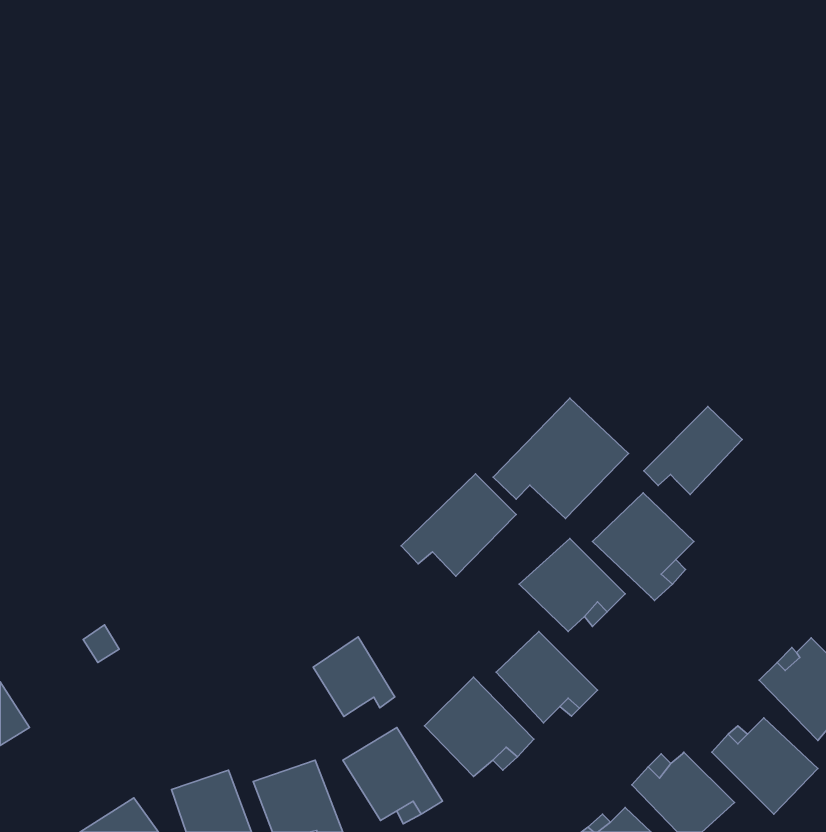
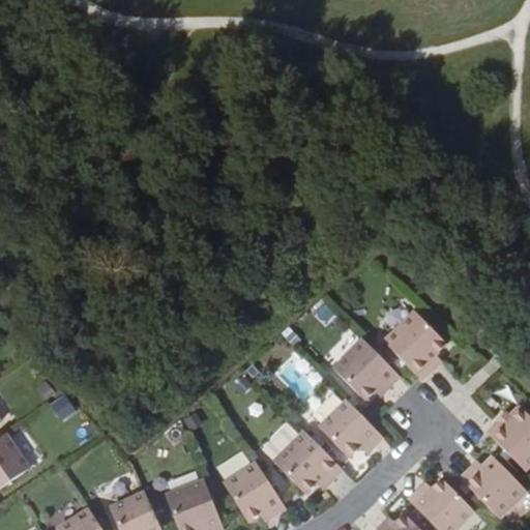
building: [493,398,628,519] -> none
building: [644,406,742,495] -> none
building: [401,474,516,576] -> none
building: [313,637,395,716] -> none

